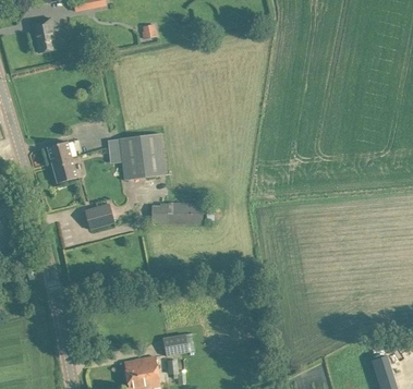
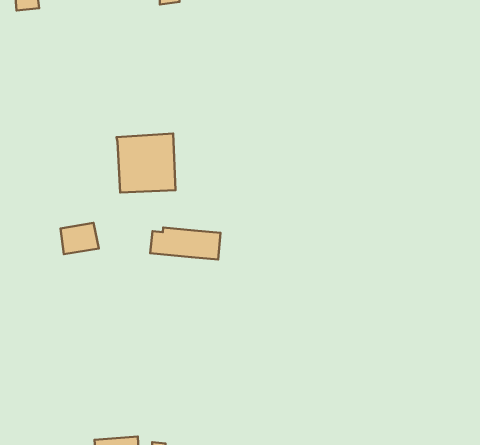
building: [47,142,77,183] -> none
building: [162,335,189,355] -> none

